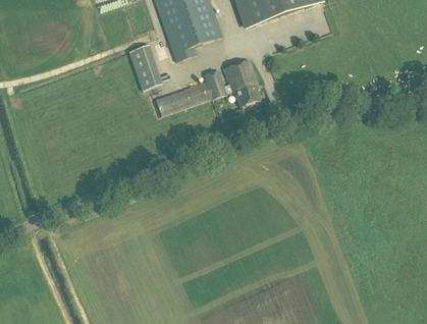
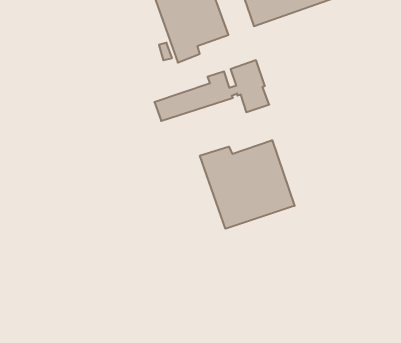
building: [128,43,162,89] -> none
building: none -> [200,140,295,229]

